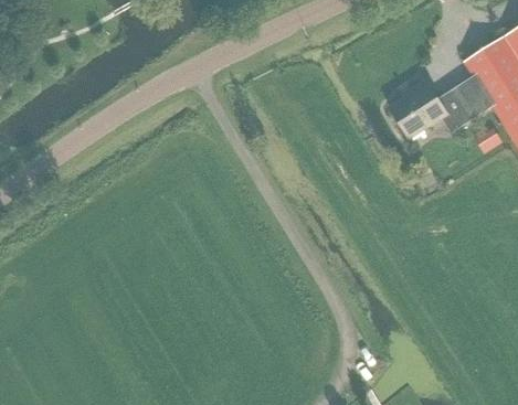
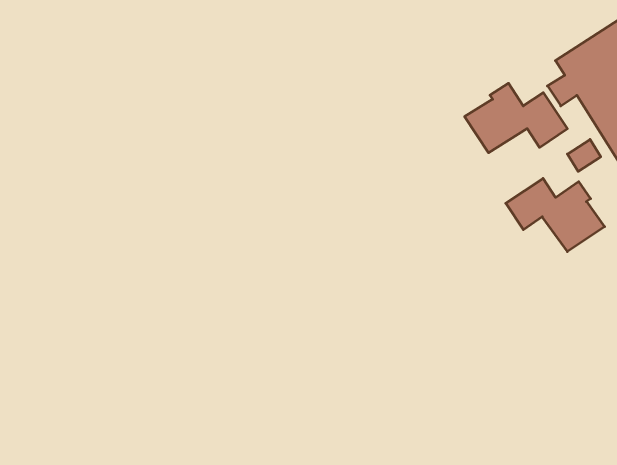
building: none -> [506,178,605,252]

